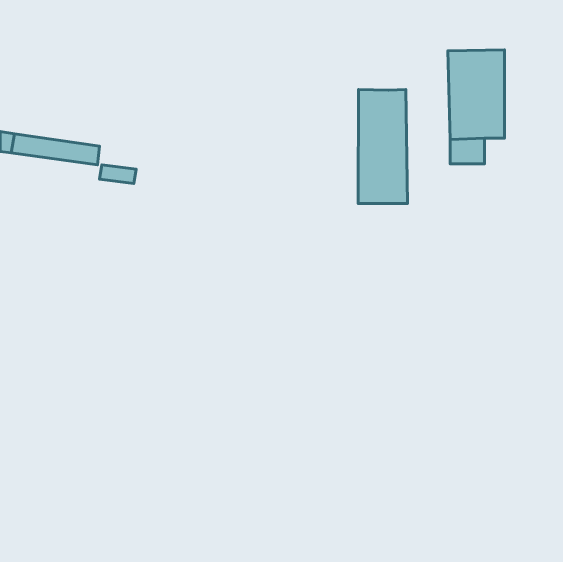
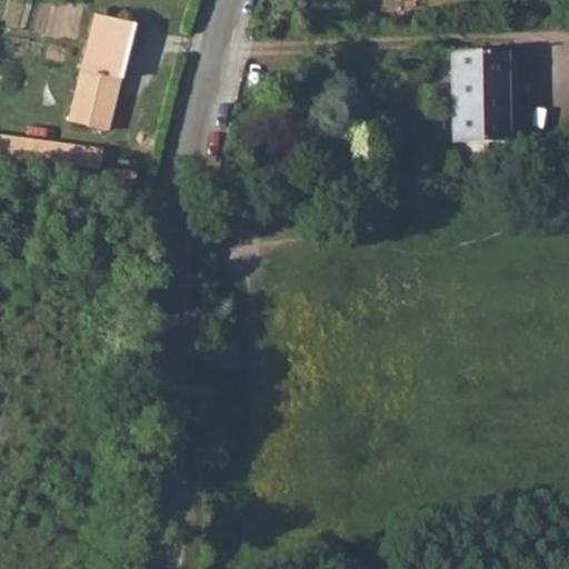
building: none -> [71,12,134,128]
building: [358,89,408,203] -> none

